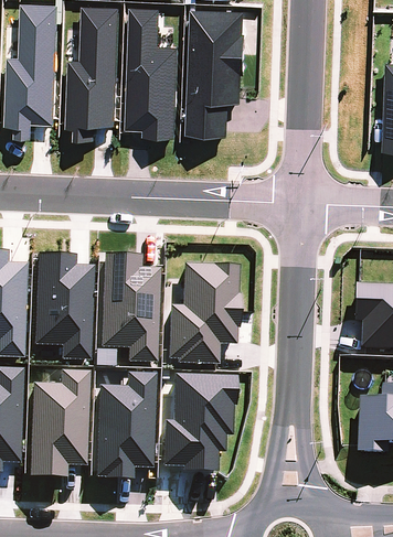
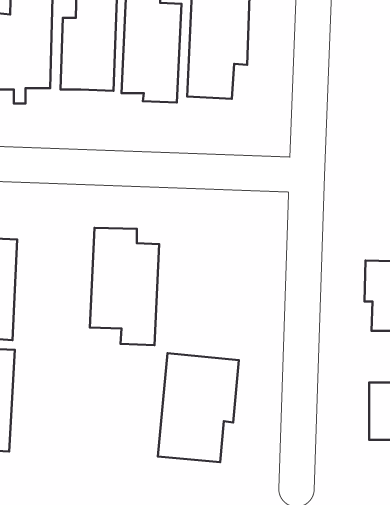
building: [30,251,92,361] -> none
building: [164,262,237,363] -> none
building: [25,369,88,477] -> none
building: [92,373,153,480] -> none

